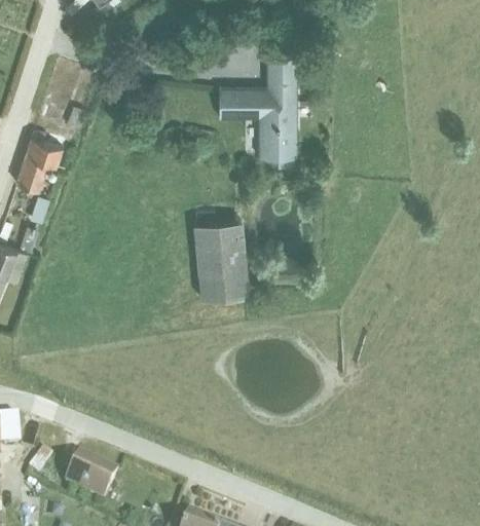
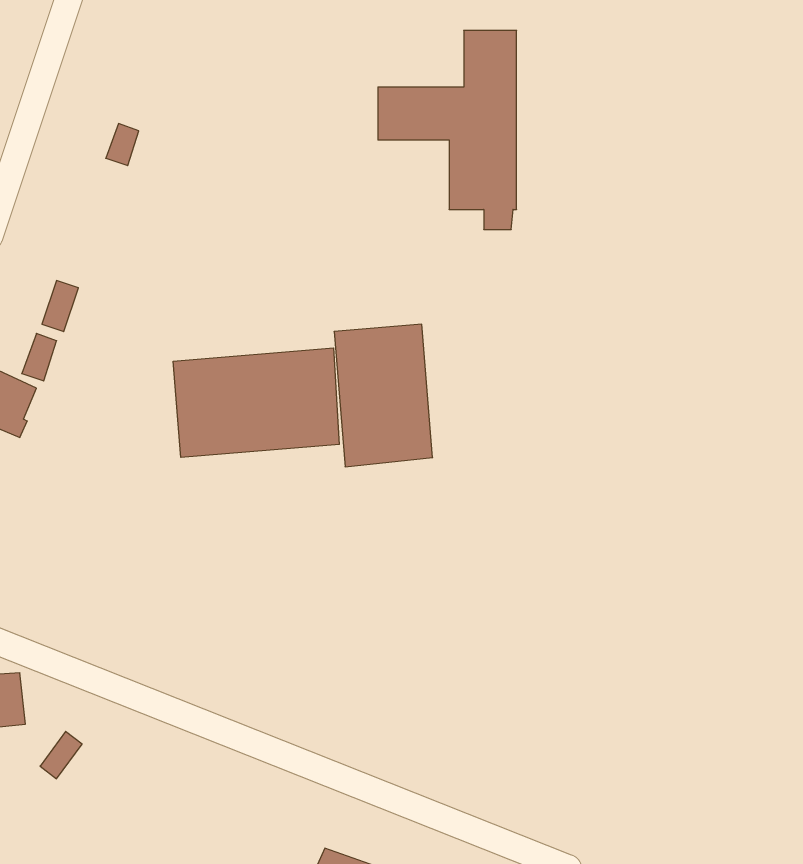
building: [15,129,63,190] -> none
building: none -> [173,348,339,457]
building: [65,454,117,503] -> none

